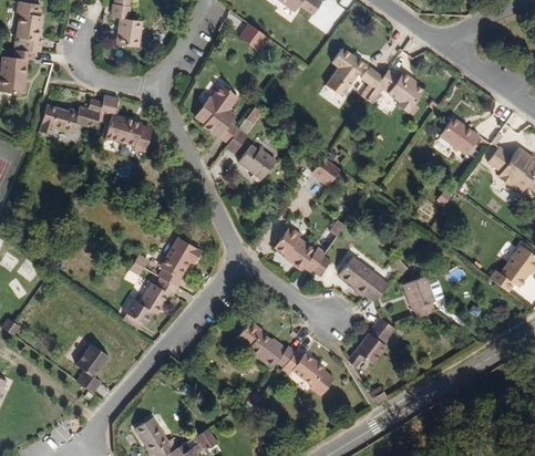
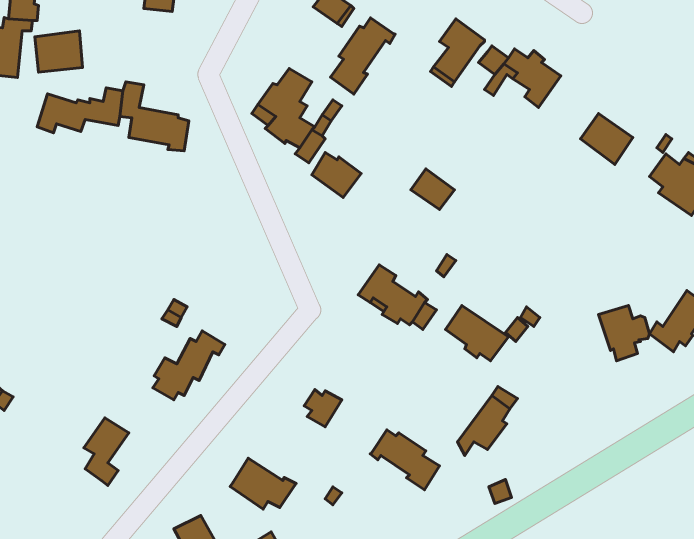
building: none -> [331,18,395,94]
building: none -> [35,31,82,72]
building: [155,238,198,288] -> none
building: [402,277,440,318] -> [598,305,649,361]
building: [247,331,296,369] -> [230,458,296,509]

